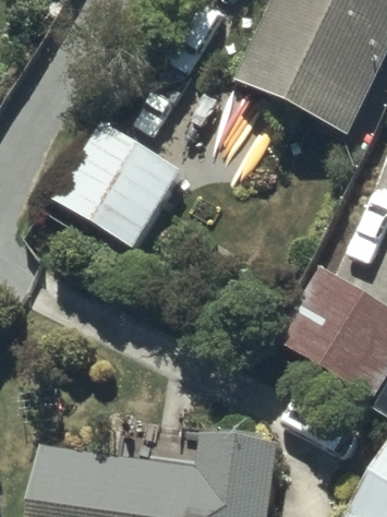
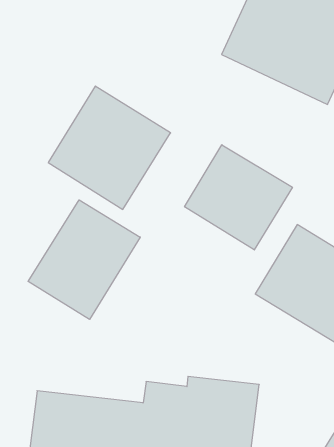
building: none -> [185,145,292,250]
building: none -> [28,200,140,319]

